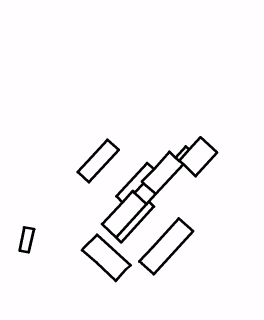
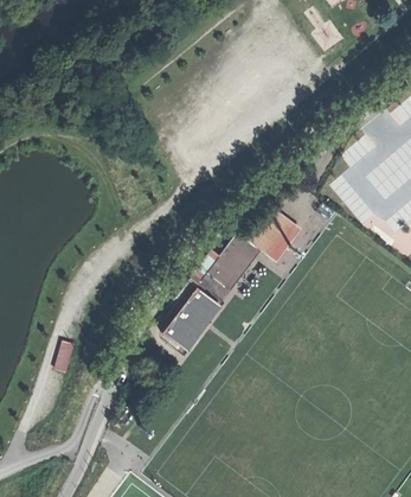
building: [78,140,119,182] -> none
building: [139,218,193,274] -> none
building: [82,235,131,281] -> none

